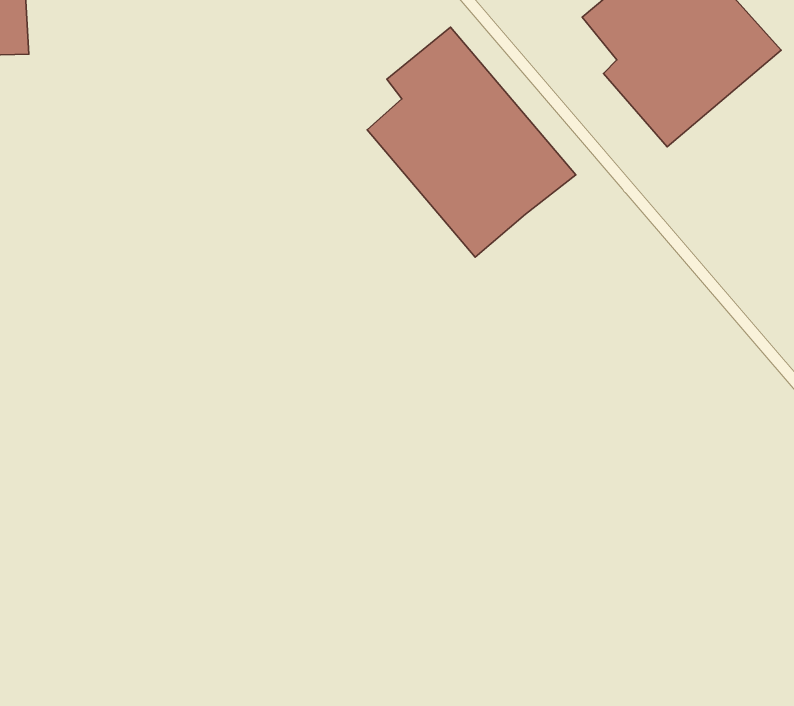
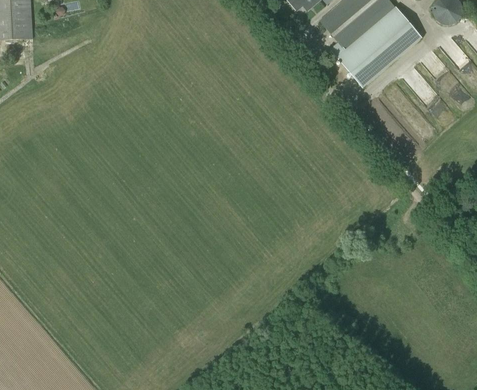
building: [367,27,576,257] -> none

